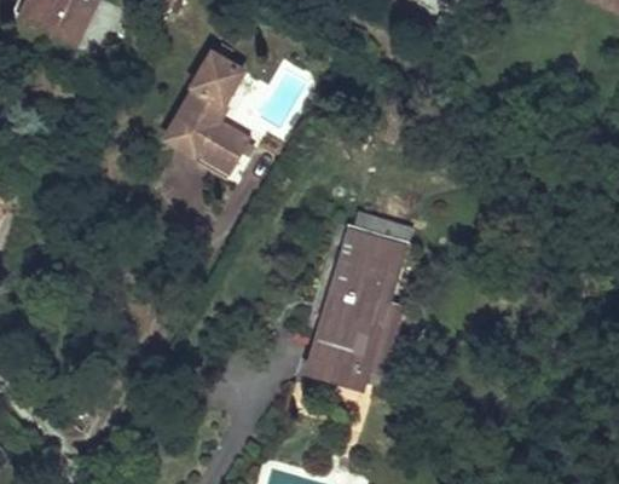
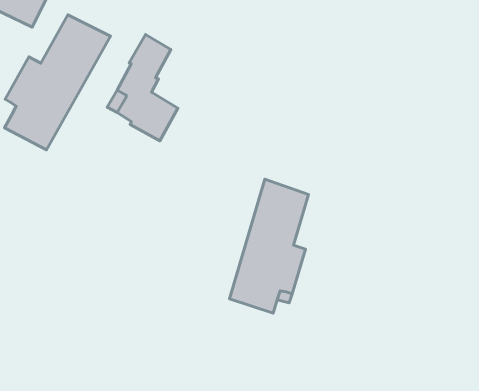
building: none -> [5,15,111,150]

